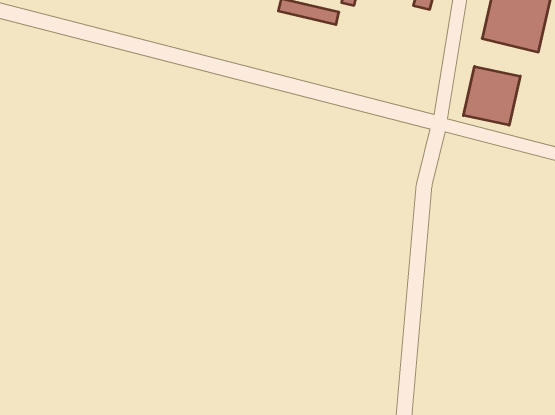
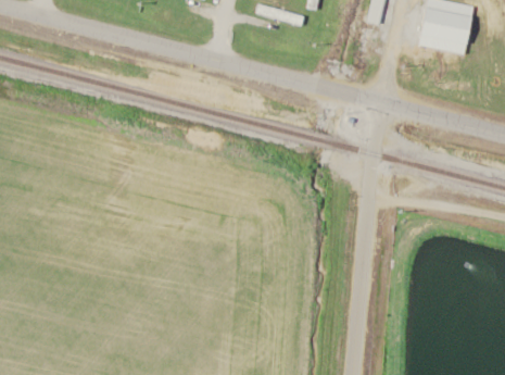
building: [463,66,520,125] -> none

